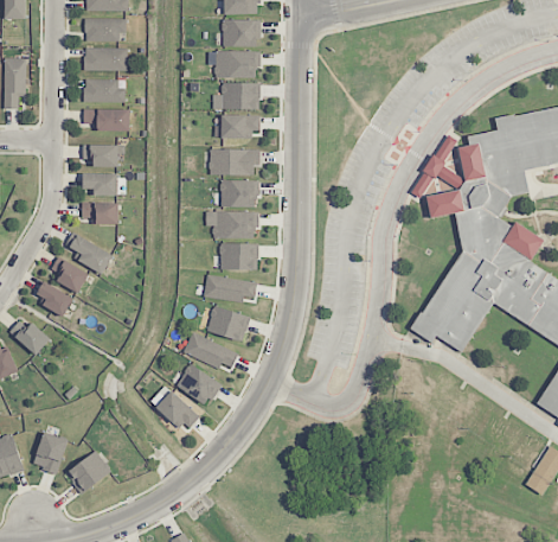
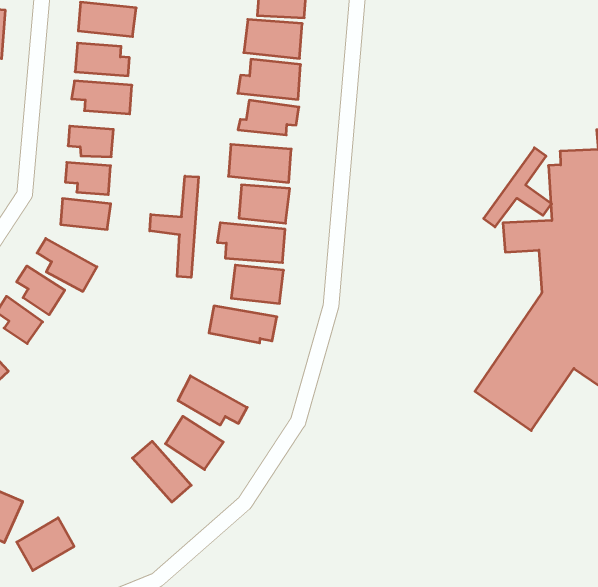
building: none -> [150,176,199,277]
building: [206,306,250,342] -> none

